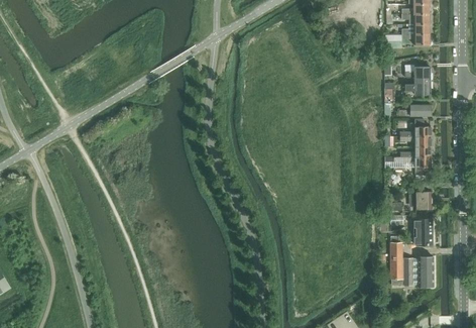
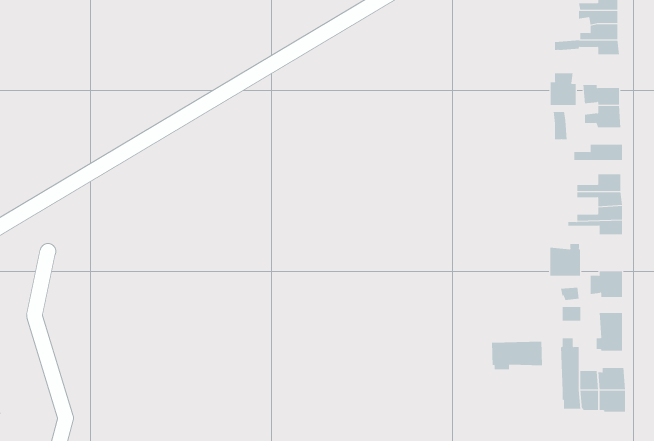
building: none -> [550,73,576,106]
building: none -> [550,243,581,277]
building: none -> [492,341,542,370]

